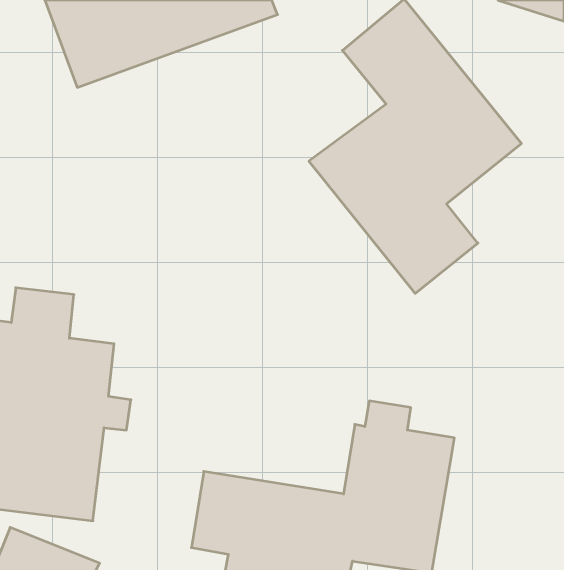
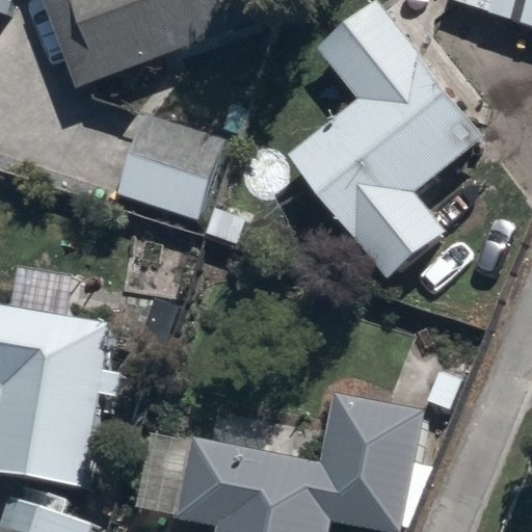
building: none -> [116,118,221,219]

